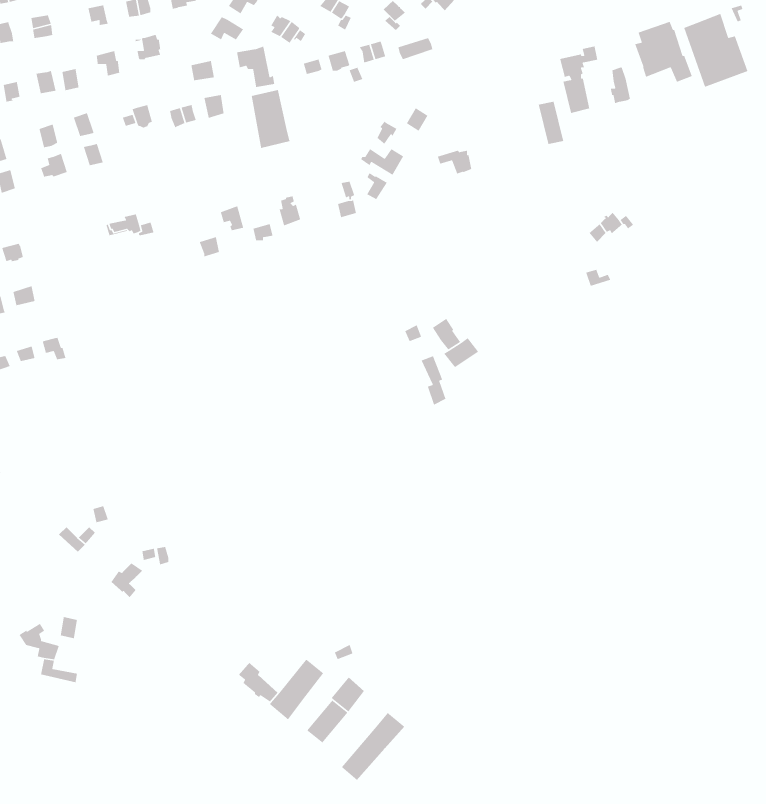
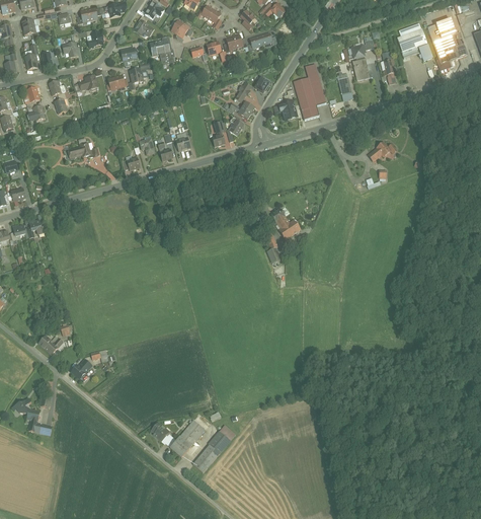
building: none -> [293,63,325,119]
building: [251,89,291,149] -> none
building: [341,712,405,781] -> none

